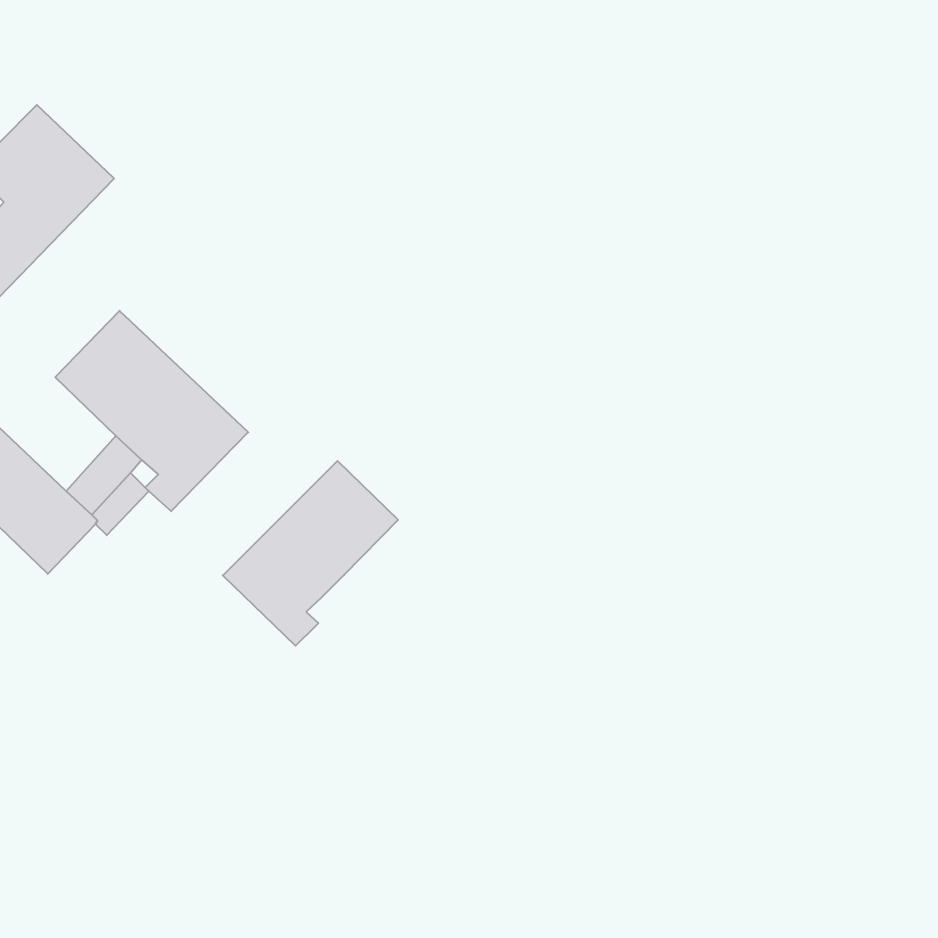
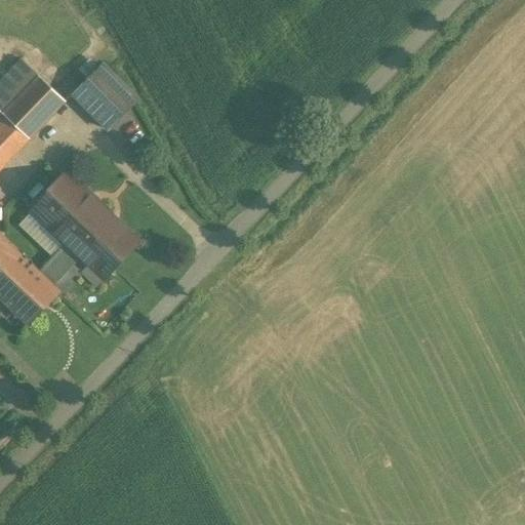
building: none -> [71,64,136,129]
building: [223,461,398,646] -> none

